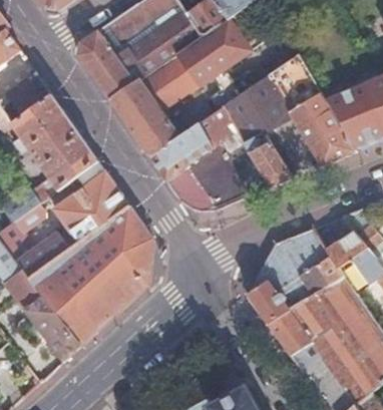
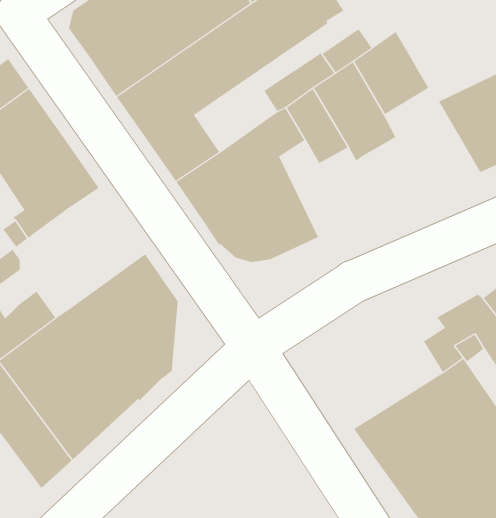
building: [290,94,354,165] -> none
building: [246,134,291,186] -> none
building: [53,161,129,243] -> none
building: [247,229,330,324] -> none

